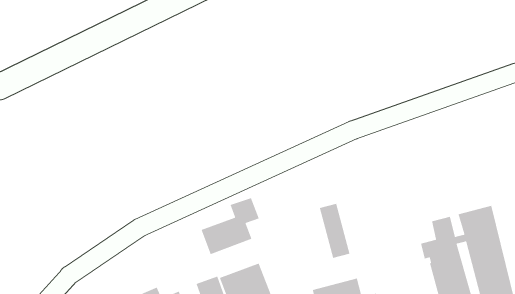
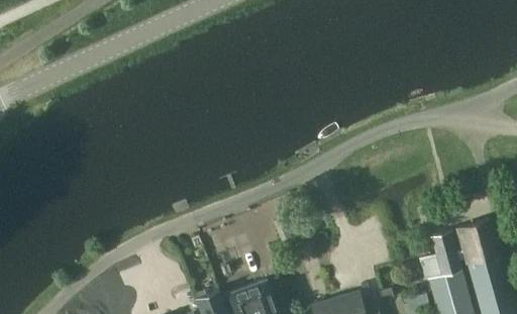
building: [200,197,260,255] -> none
building: [319,203,351,259] -> none

